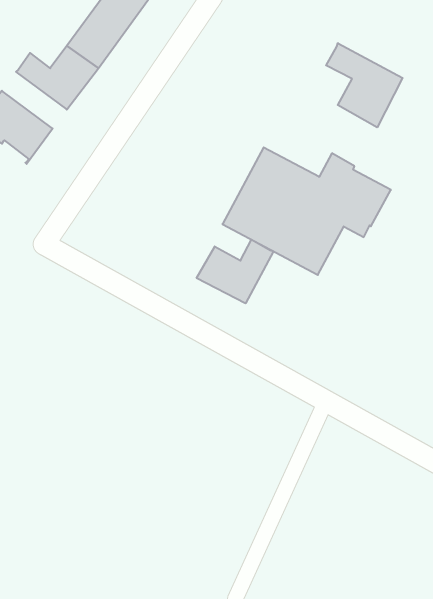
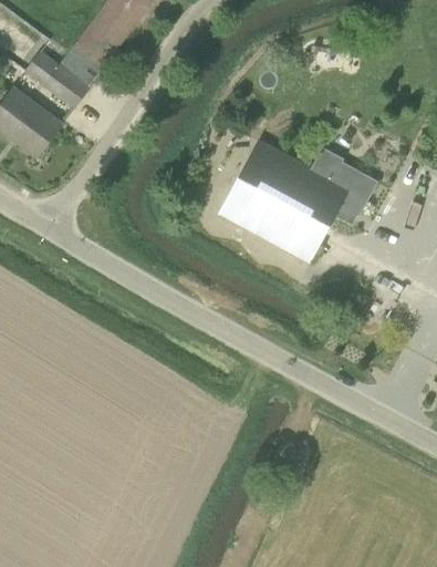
building: [326,43,403,127] -> none
building: [197,240,273,303] -> none

